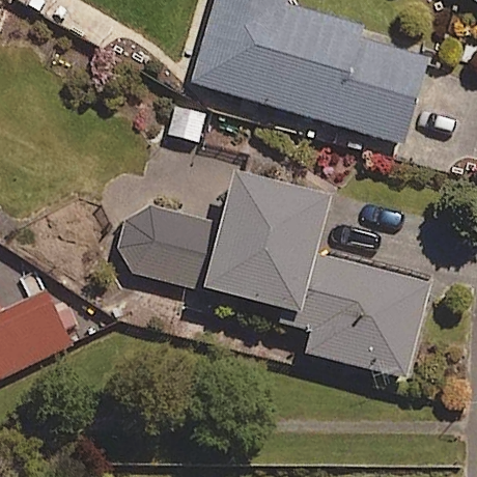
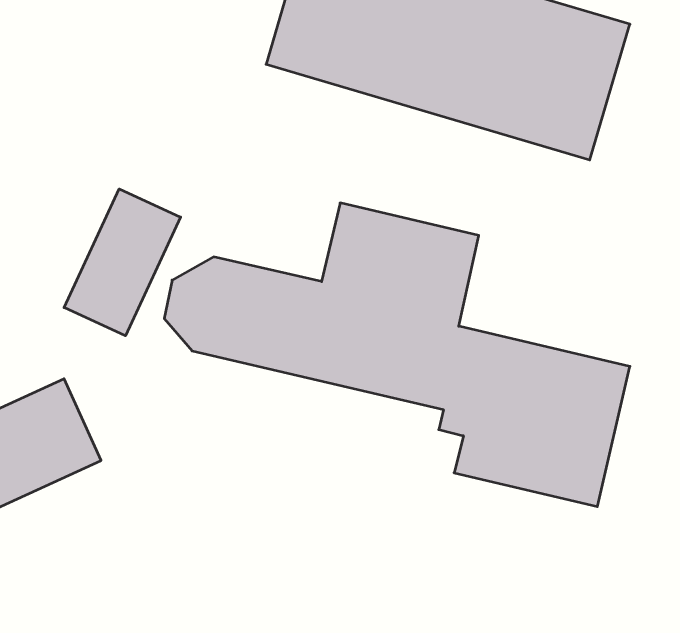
building: none -> [64,189,181,336]

